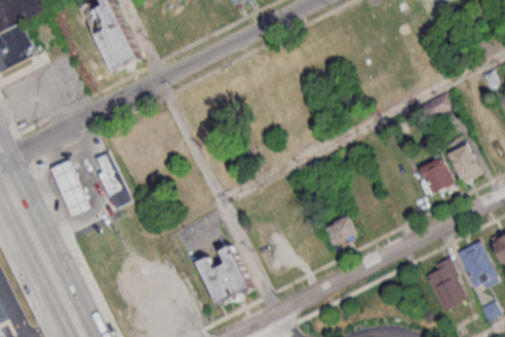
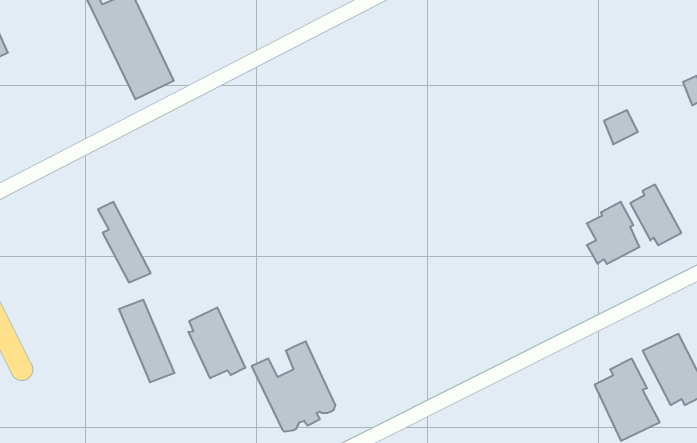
building: [52,160,89,215] -> [119,300,175,382]
building: [325,215,355,246] -> none
building: none -> [188,307,245,378]

